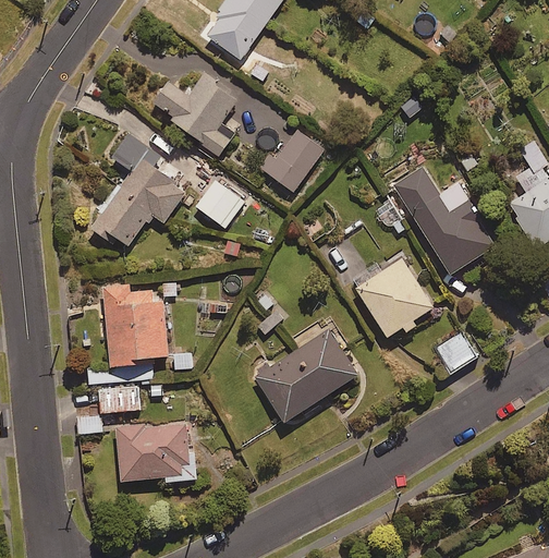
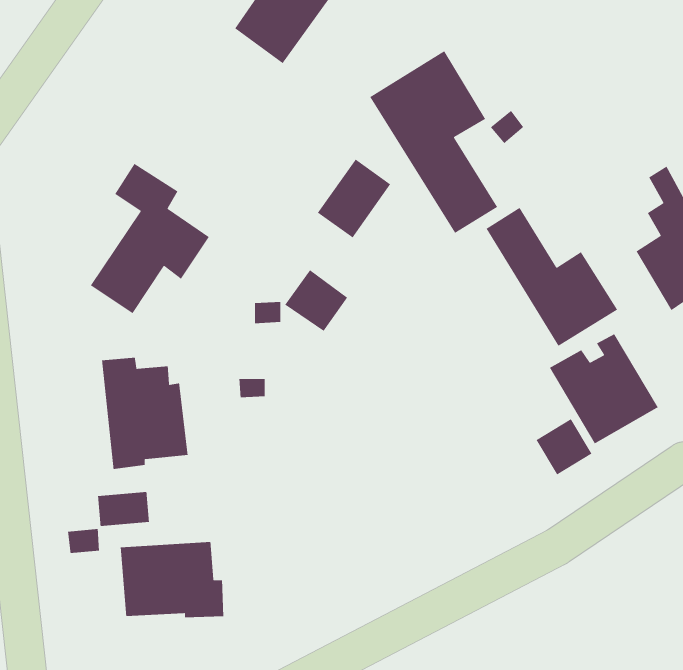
building: none -> [369,50,498,234]
building: [154,74,236,155] -> none
building: [194,179,243,227] -> [284,269,348,332]
building: [350,252,434,337] -> [549,333,659,445]
building: [254,329,357,423] -> none

